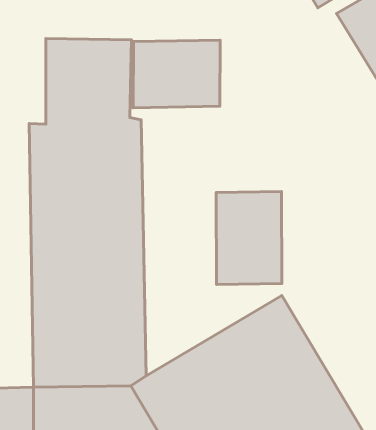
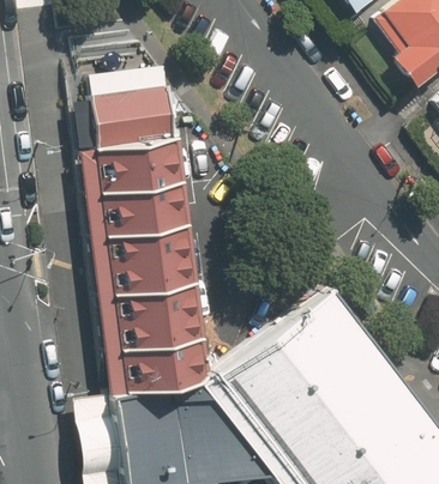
building: [133,40,220,108] -> none
building: [216,192,282,285] -> none

